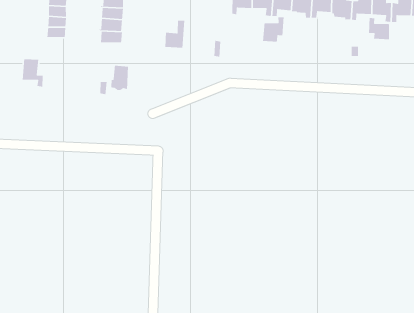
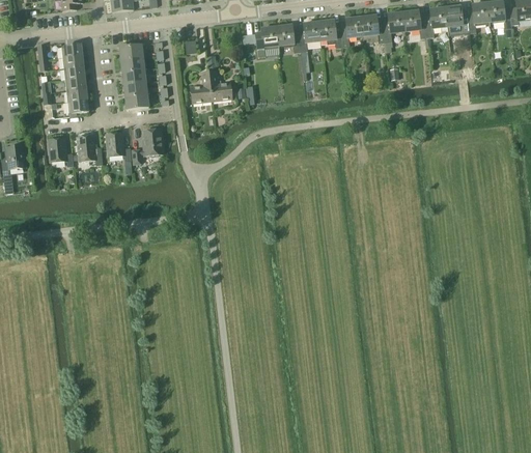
building: [262,16,285,42] -> none
building: [368,17,390,40] -> none
building: none -> [211,69,233,100]
building: none -> [77,134,103,164]
building: none -> [106,131,131,160]

